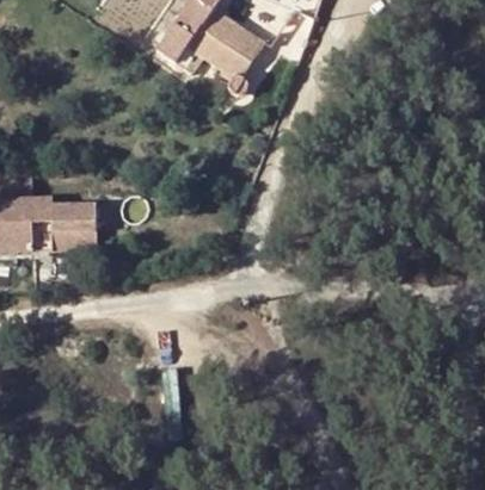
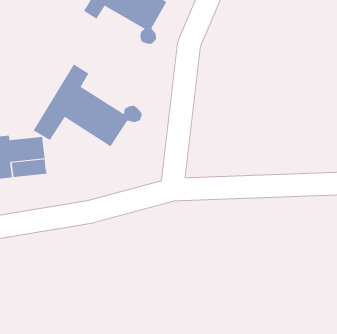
building: none -> [33,64,142,147]

